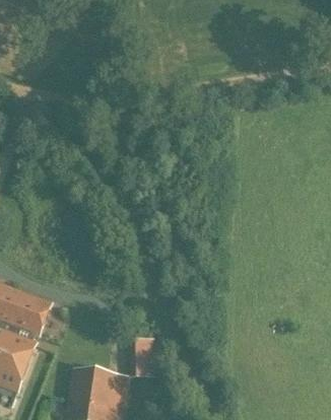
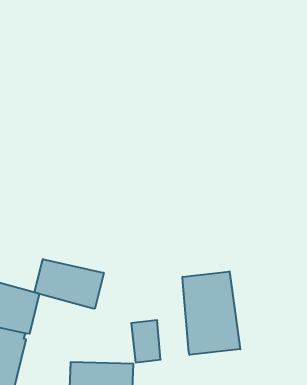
building: none -> [35,259,104,309]
building: none -> [183,271,240,355]

